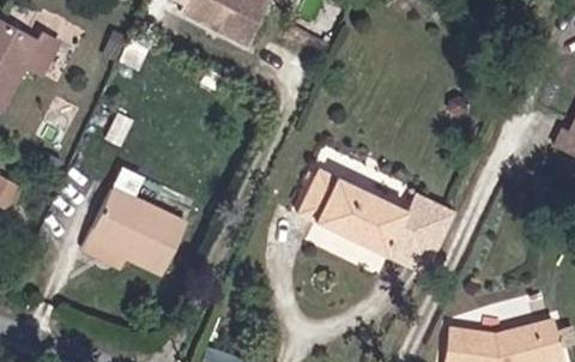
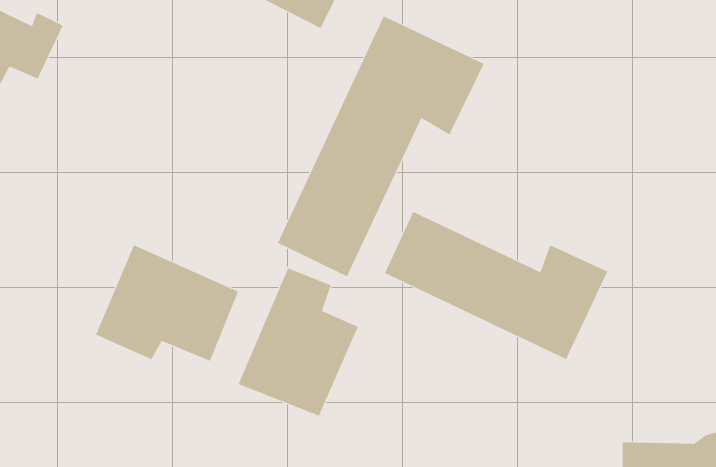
building: none -> [277,16,485,277]
building: none -> [238,267,359,417]

